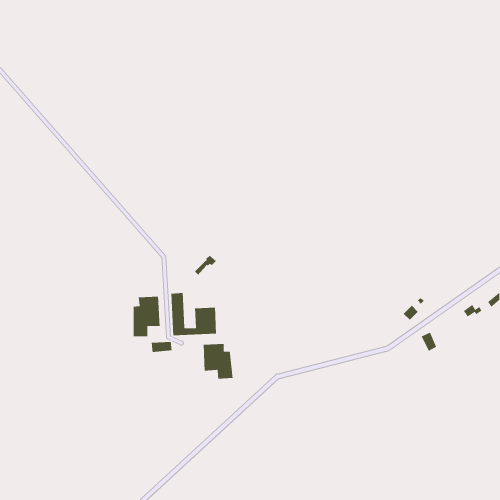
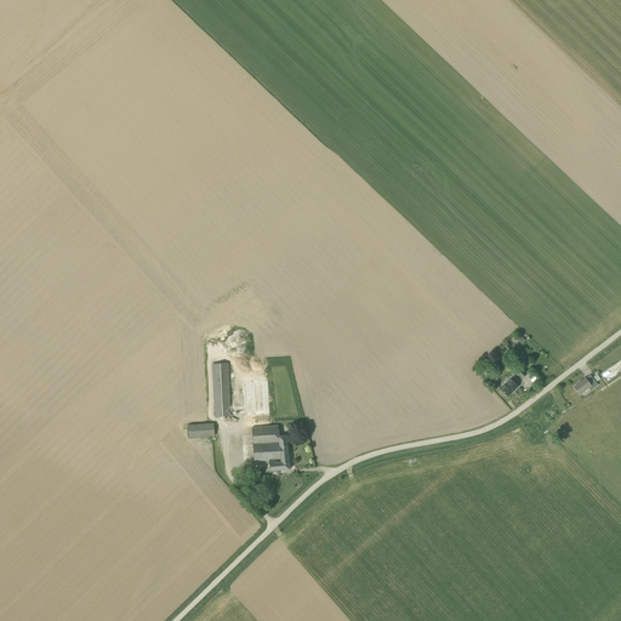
building: [133,296,161,337] -> none

